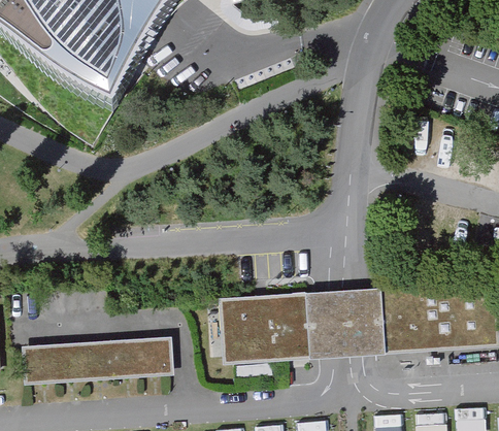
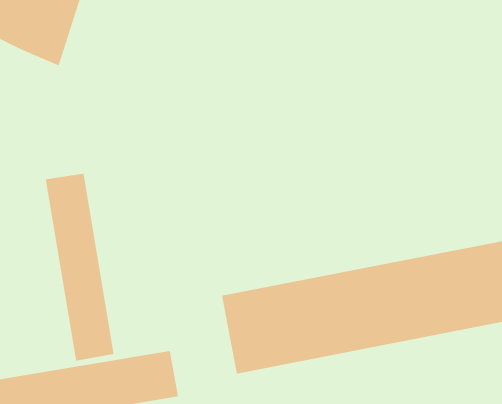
building: none -> [45,173,114,362]

